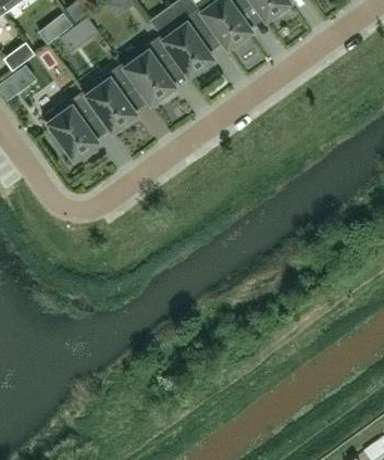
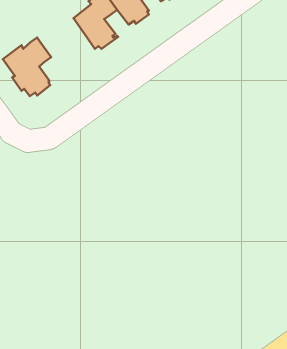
building: [86,64,138,132] -> none

